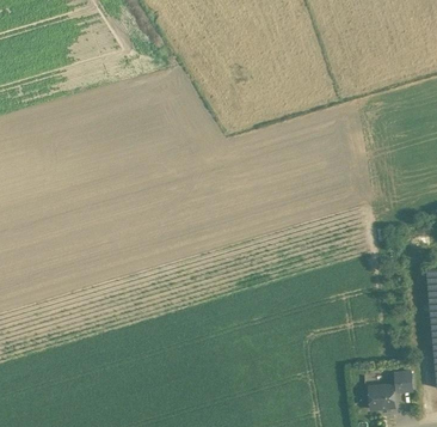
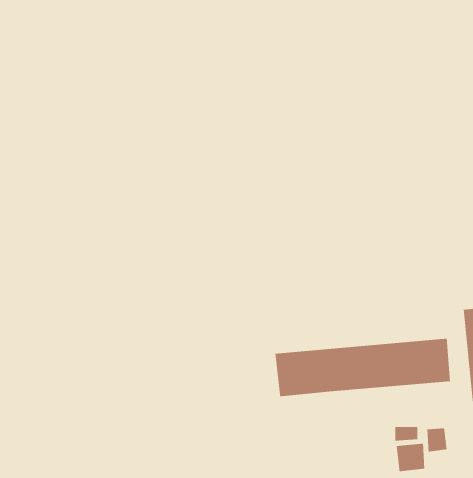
building: none -> [274,338,451,397]

